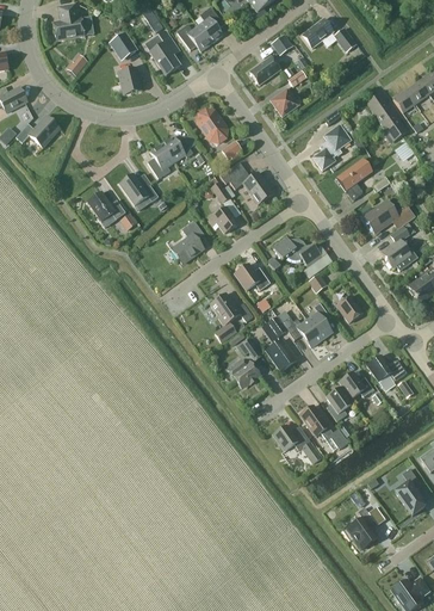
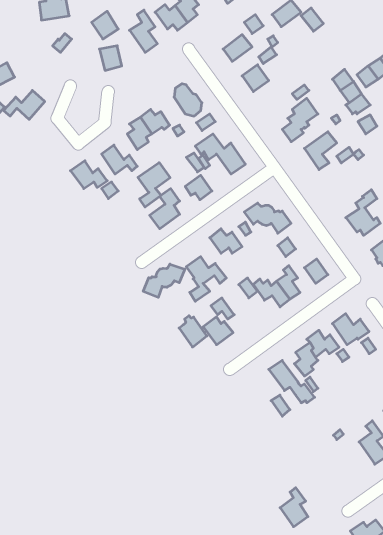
building: none -> [138,163,170,207]
building: [364,200,416,234] -> none
building: none -> [143,264,185,297]
building: [267,338,297,371] -> [179,316,207,347]
building: [273,425,310,450] -> none
building: [348,507,378,549] -> [280,488,308,527]

